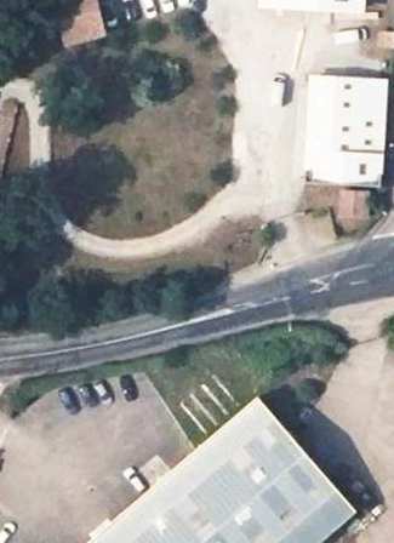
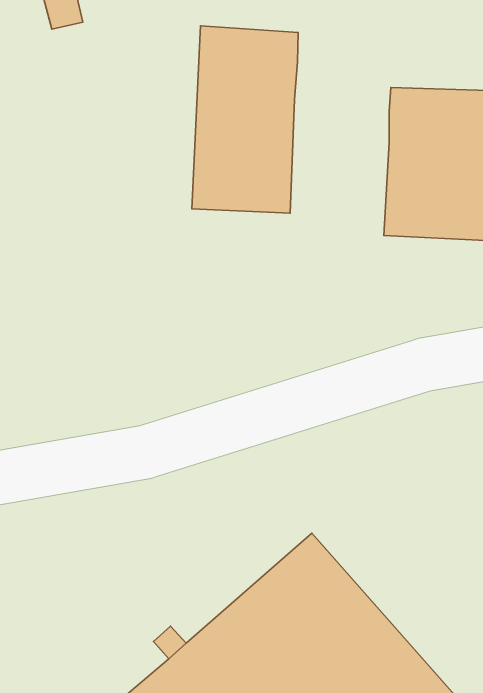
building: none -> [192,26,298,213]

